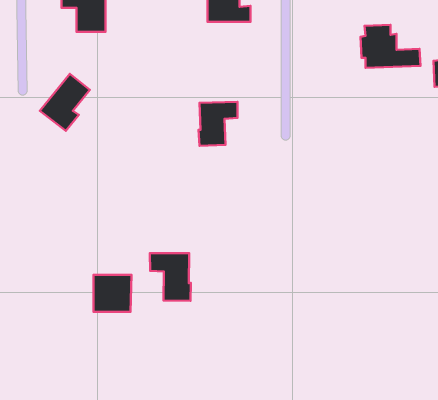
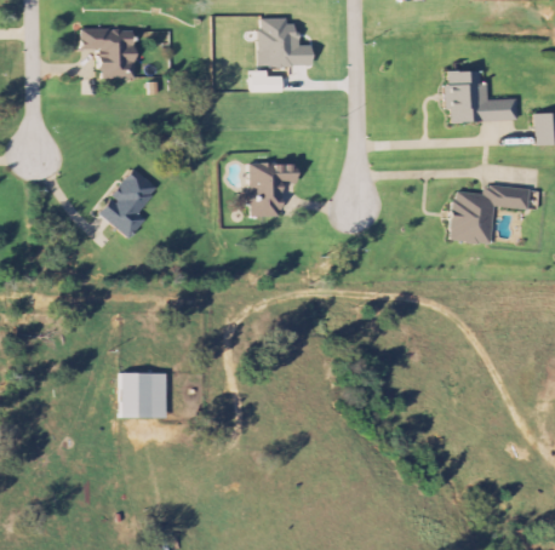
building: [40,74,90,131] -> [97,168,158,237]
building: none -> [447,184,530,244]
building: [150,253,191,301] -> none

